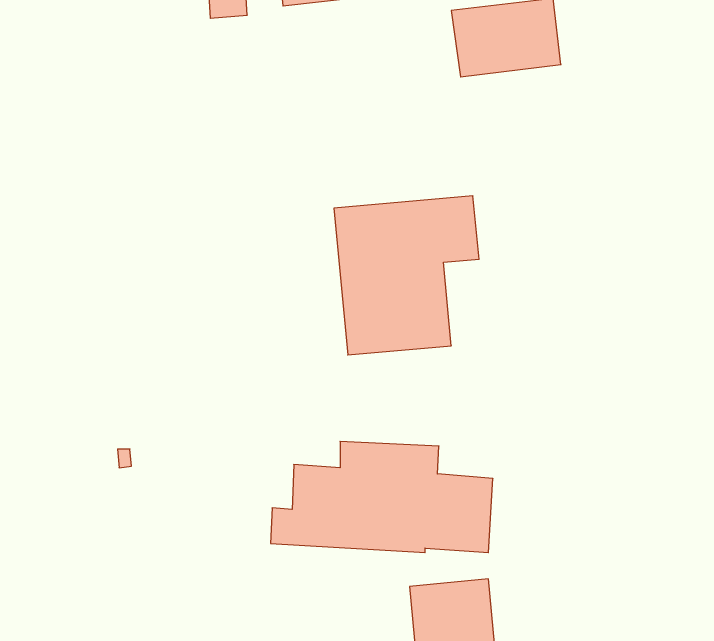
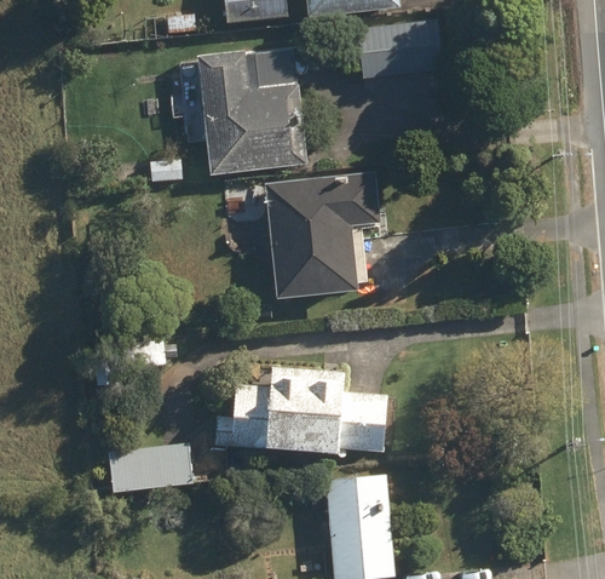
building: none -> [196,50,304,174]
building: none -> [108,442,194,494]

